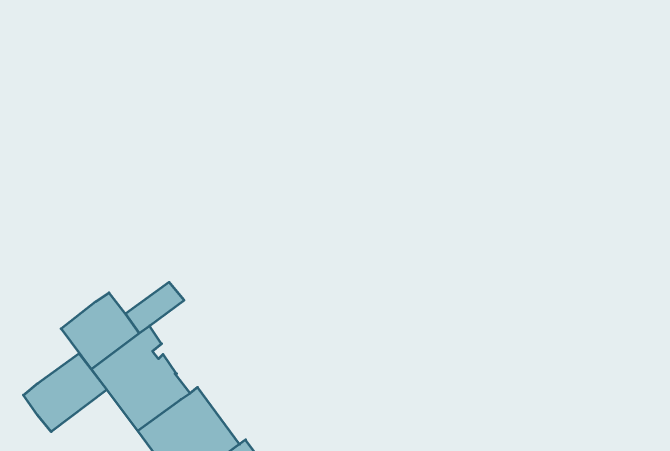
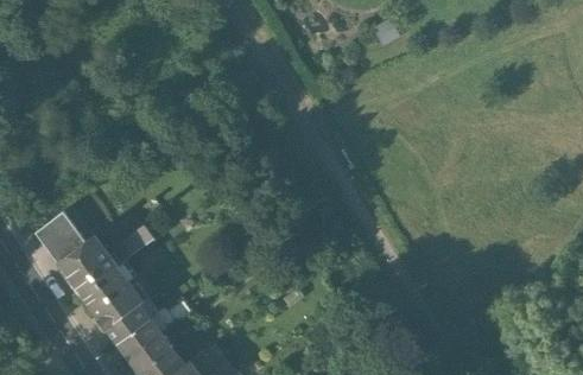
building: none -> [36,217,84,266]
building: [23,353,107,432] -> none

